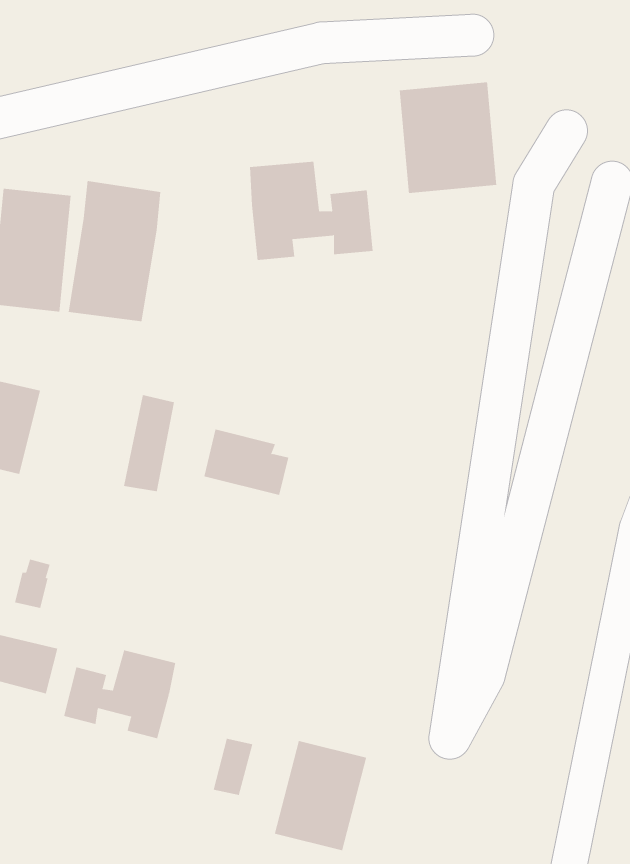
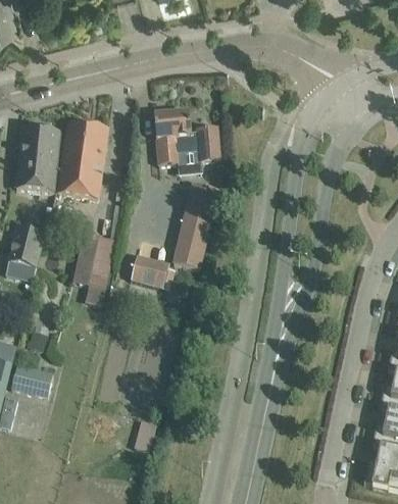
building: [399,81,497,194] -> none
building: none -> [172,183,217,268]
building: [64,650,176,739] -> none
building: [274,740,367,851] -> none

